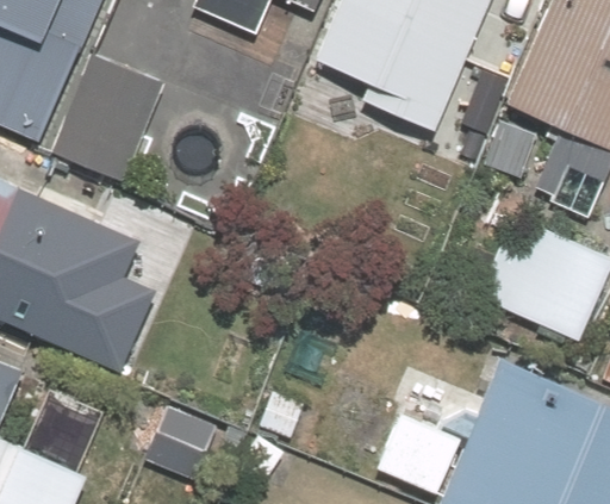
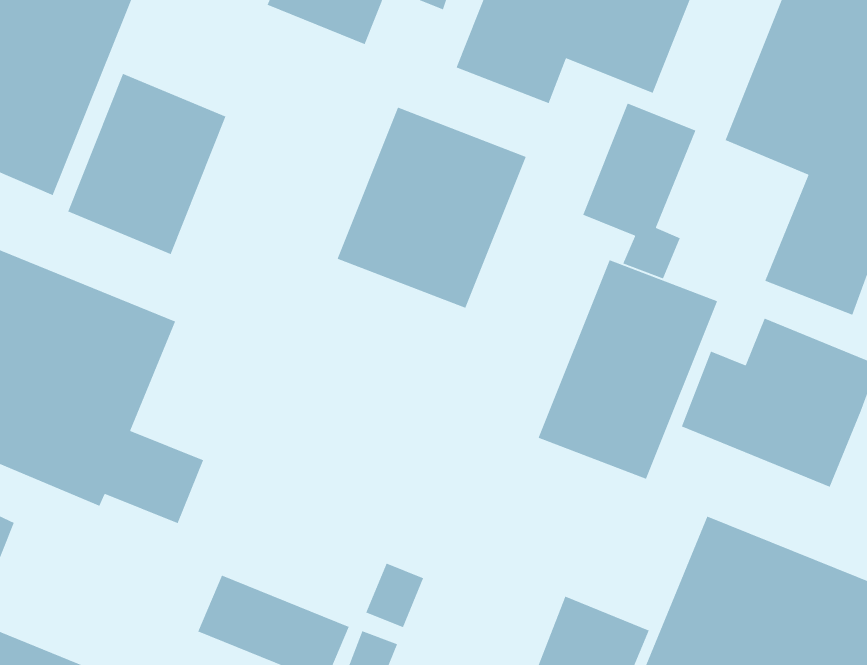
building: none -> [337,107,527,309]
building: none -> [538,259,718,480]

